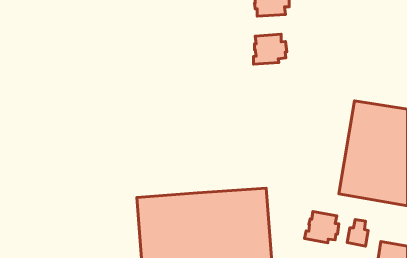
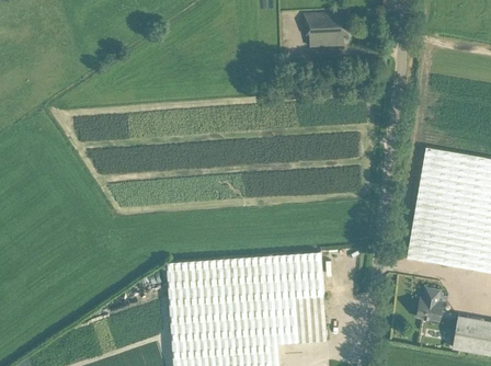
building: [254,34,287,64] -> none
building: [305,212,339,243] -> none

